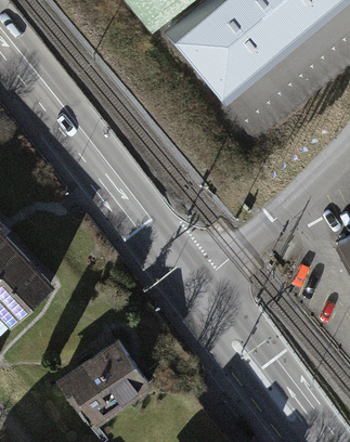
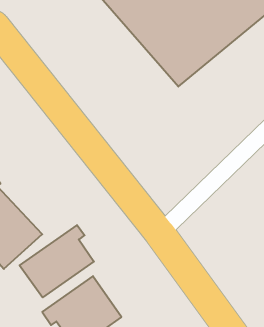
building: none -> [20,225,94,297]

